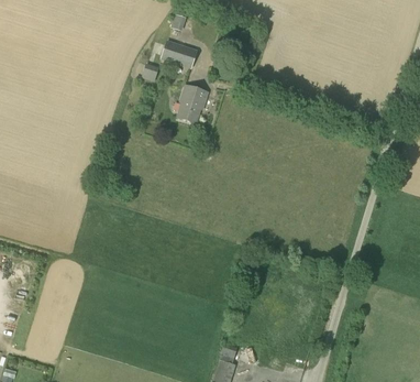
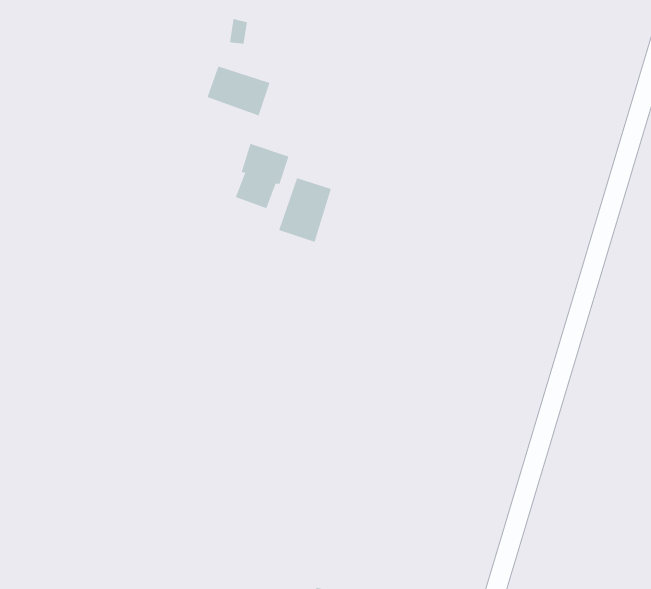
building: none -> [278,177,332,243]

